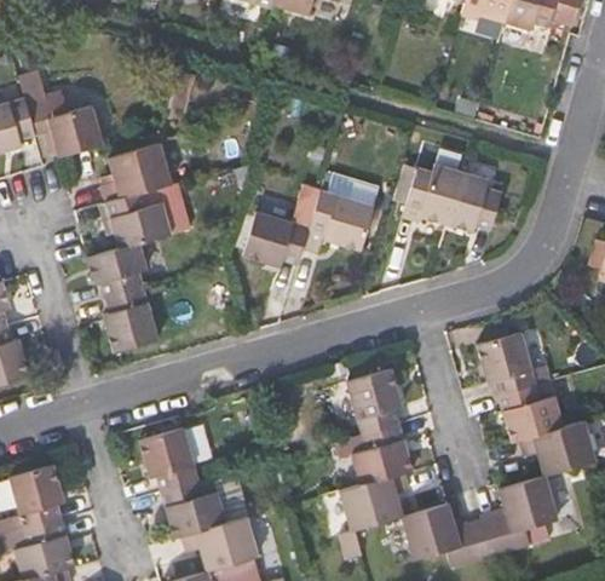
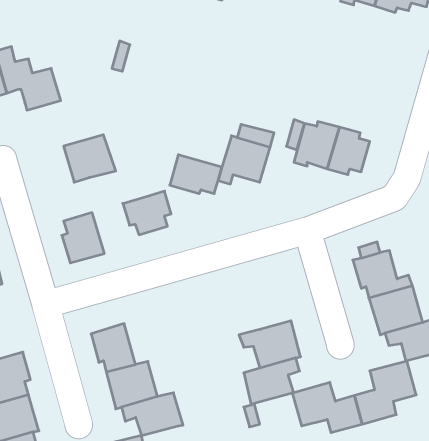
building: [99,142,173,201] -> none
building: [87,241,149,297] -> [123,191,171,235]
building: [346,370,401,435] -> none

